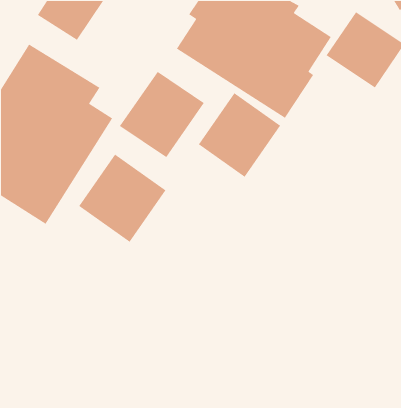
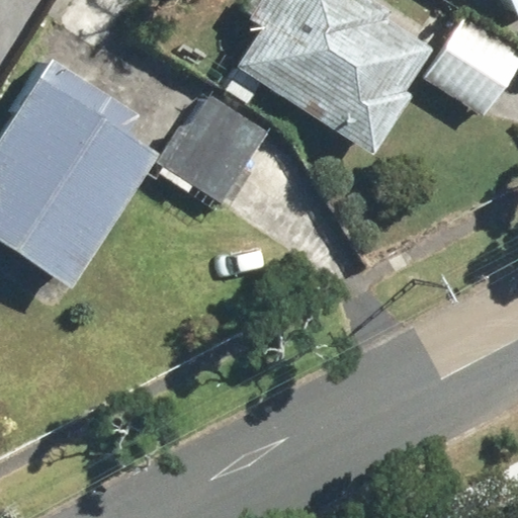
building: [198,92,281,178] -> none
building: [78,153,167,243] -> none

